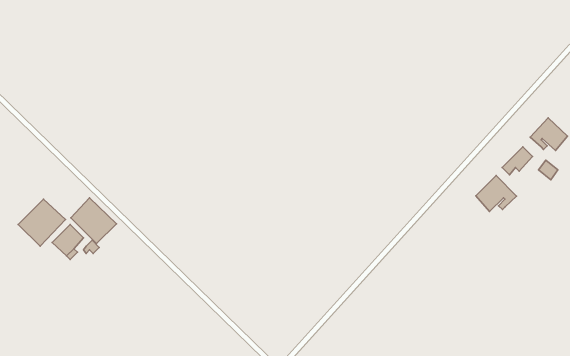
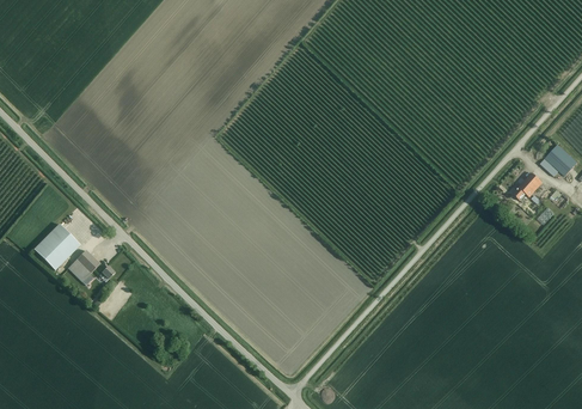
building: [476,175,517,211] -> none
building: [71,198,116,244] -> none

